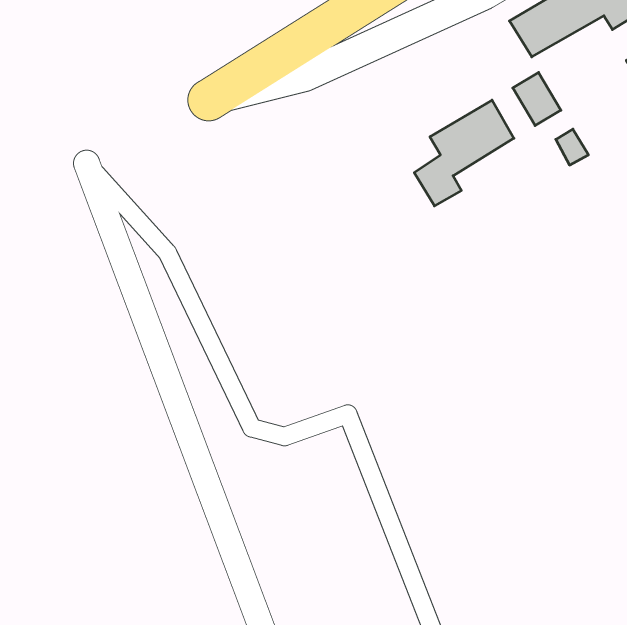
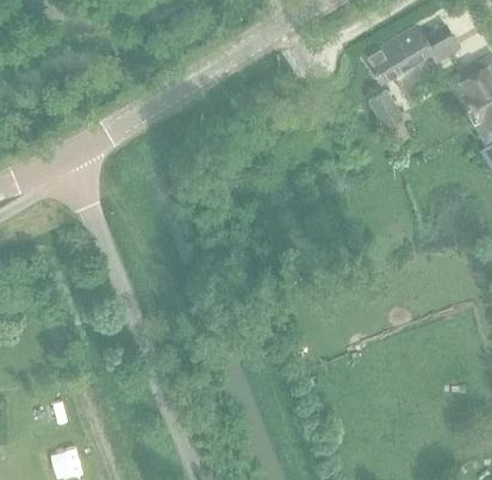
building: [414,100,514,206] -> none

